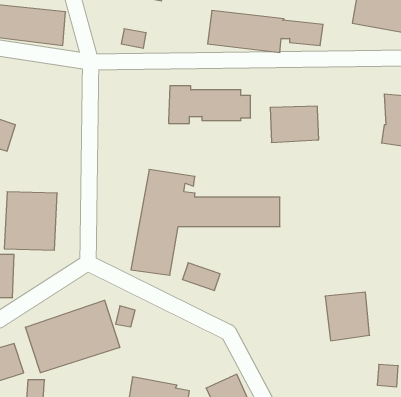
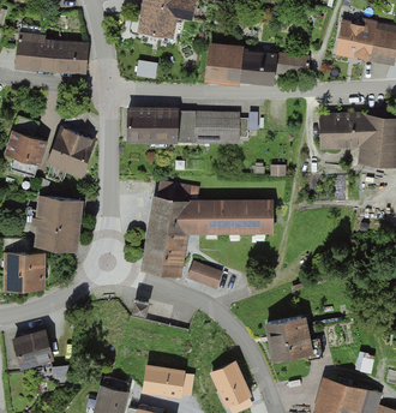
building: none -> [127,108,178,139]
building: [270,106,319,142] -> [322,114,364,145]
building: none -> [46,128,95,178]
building: [325,292,370,341] -> [268,318,306,360]
building: [25,300,120,373] -> none

